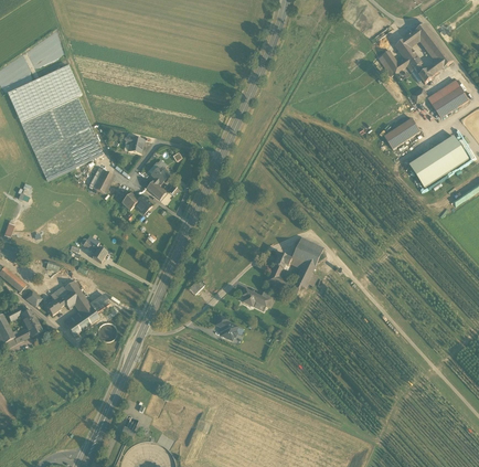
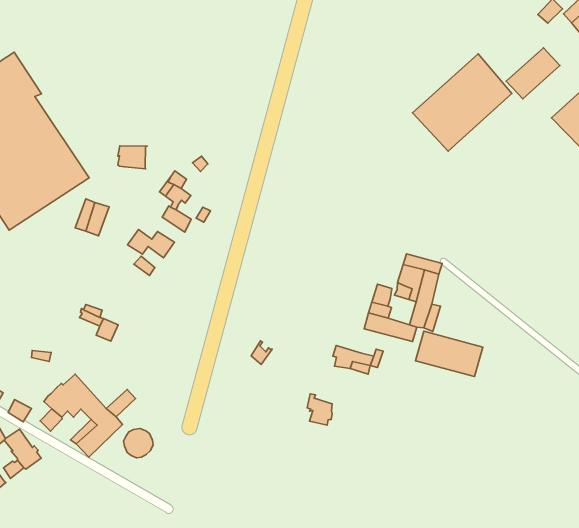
building: none -> [412,54,512,151]
building: none -> [416,331,483,377]

